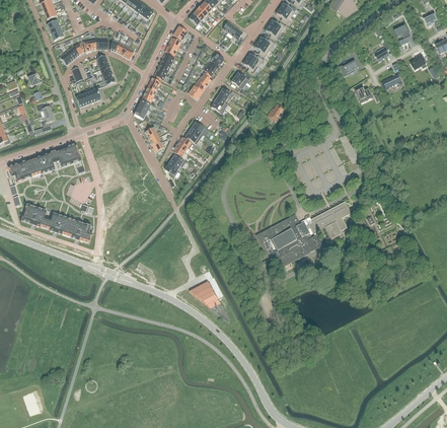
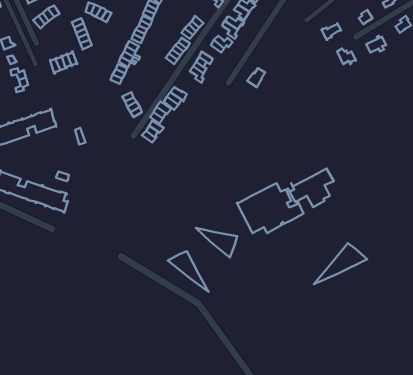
building: none -> [196,228,237,257]
building: none -> [314,243,367,284]

